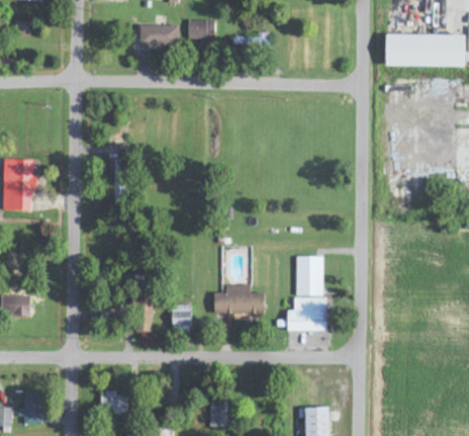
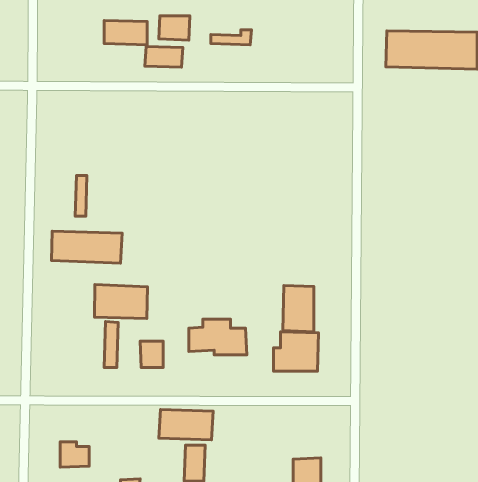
building: none -> [145,46,183,67]
building: none -> [52,231,122,263]
building: none -> [95,284,147,318]
building: none -> [159,409,213,440]

